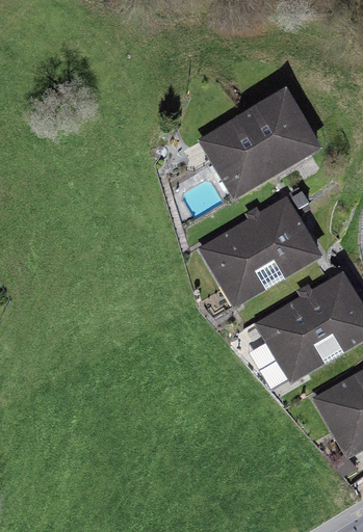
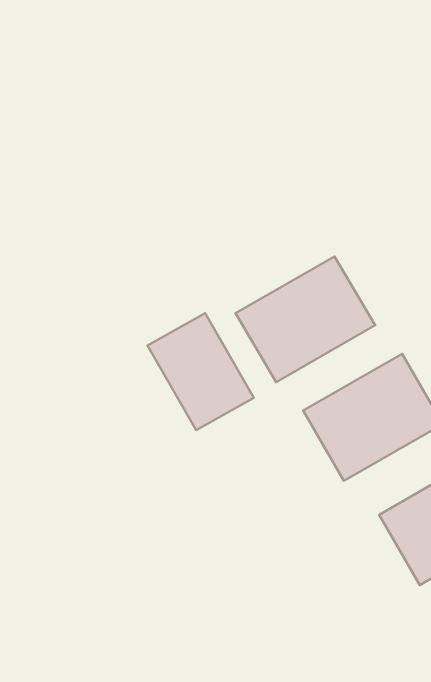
building: [204,96,306,186] -> none
building: none -> [147,313,254,430]

